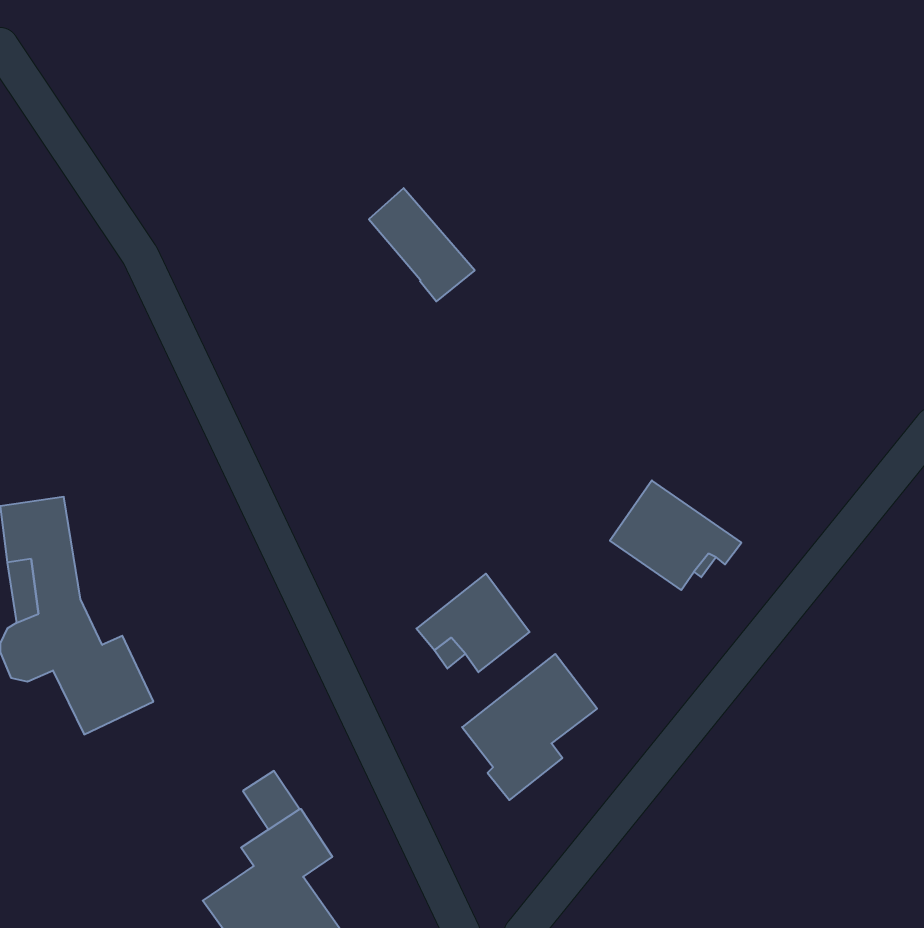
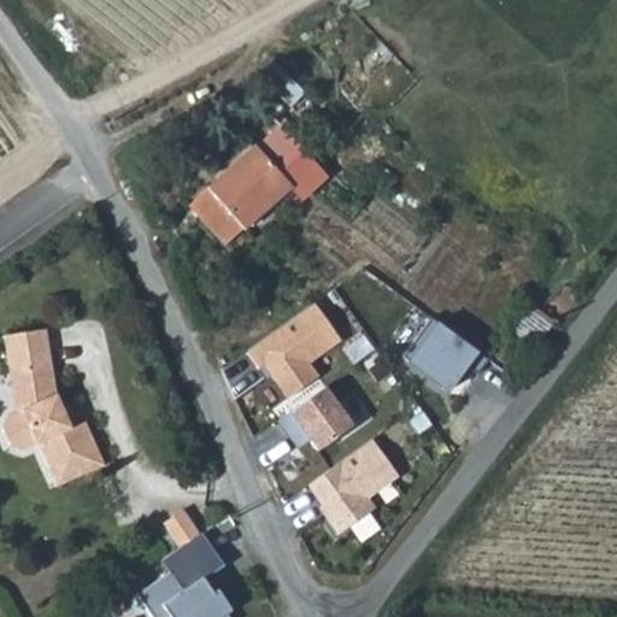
building: none -> [183,147,283,246]
building: none -> [249,299,343,395]

